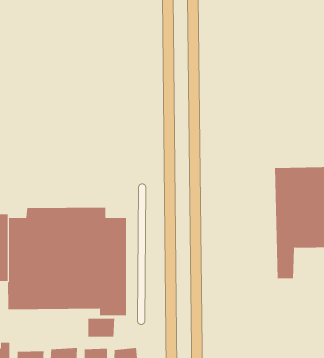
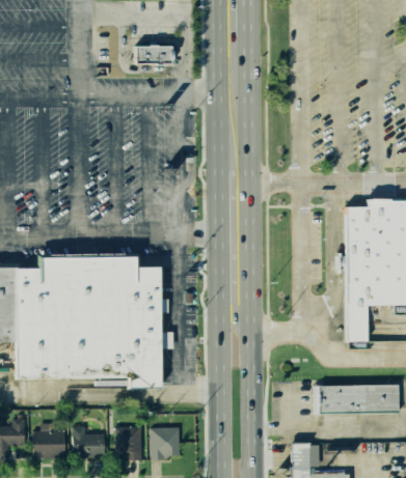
building: none -> [127,43,163,61]
building: none -> [310,385,398,415]
building: [88,318,115,338] -> none

